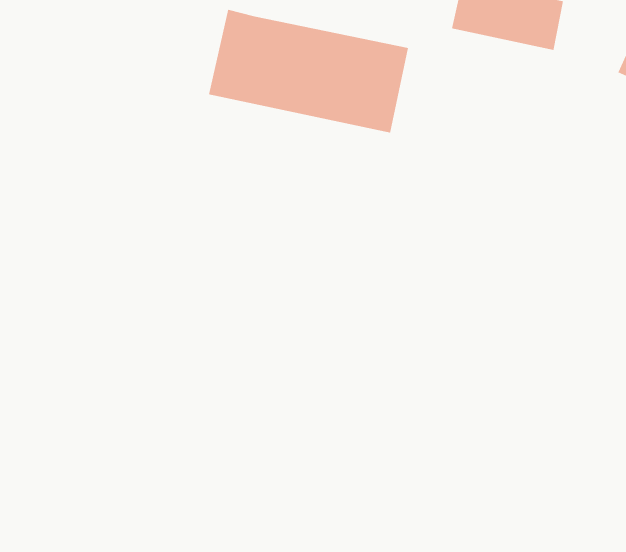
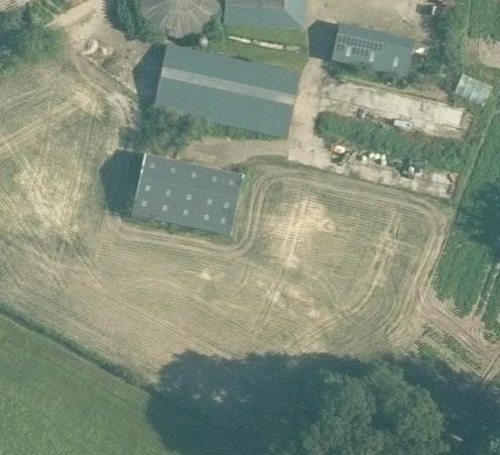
building: none -> [131,152,243,235]

